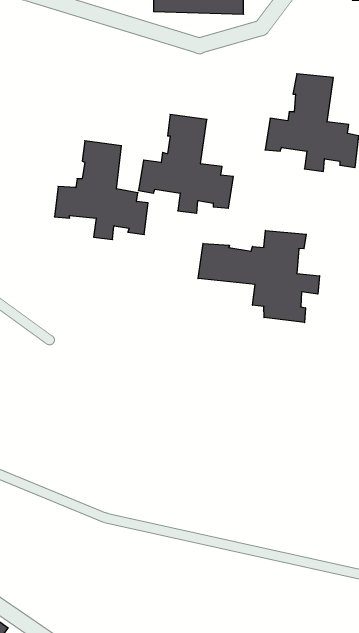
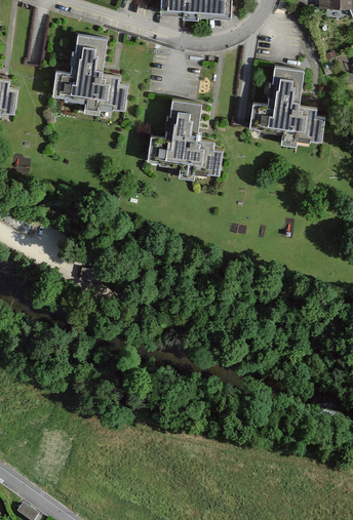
building: [54,141,148,240] -> [51,34,127,114]
building: [198,230,320,323] -> none

